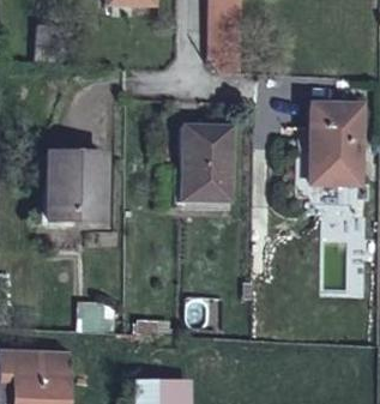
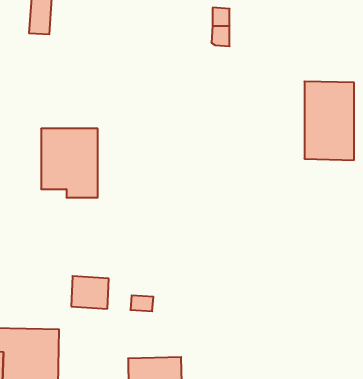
building: [181,126,231,197] -> none

